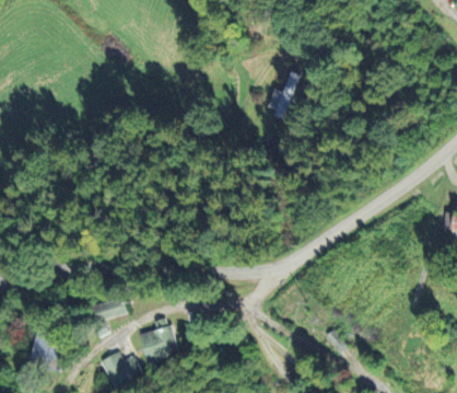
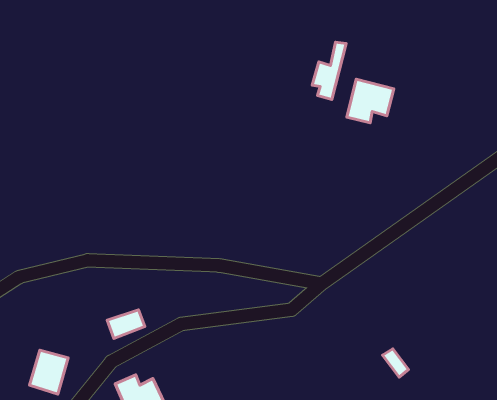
building: none -> [347,79,394,123]
building: [137,316,178,362] -> none

